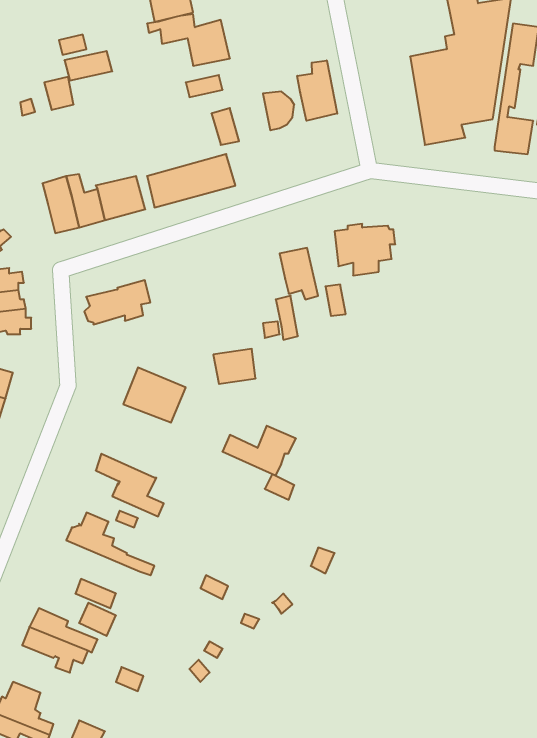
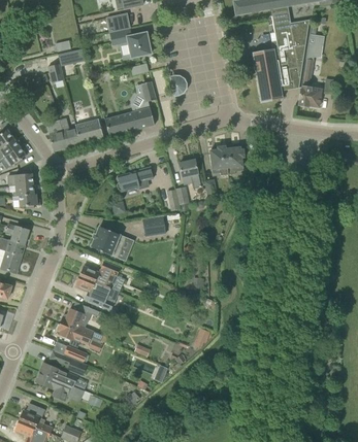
building: [297,60,337,121] -> none
building: [84,280,150,324] -> [116,166,153,191]
building: [222,426,296,475] -> [78,260,120,287]
building: none -> [56,322,102,351]

